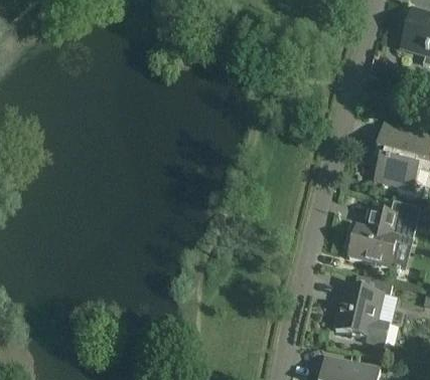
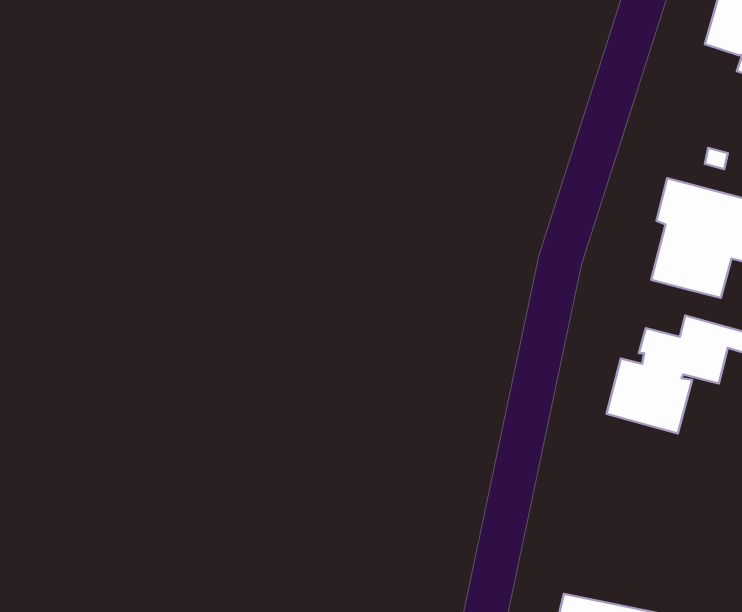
building: [334,275,393,346] -> none

